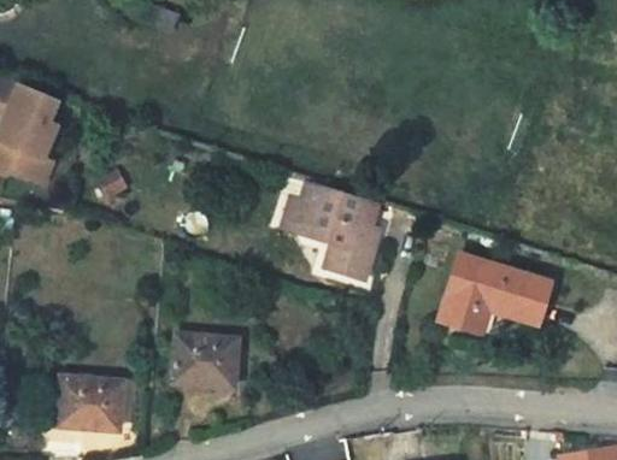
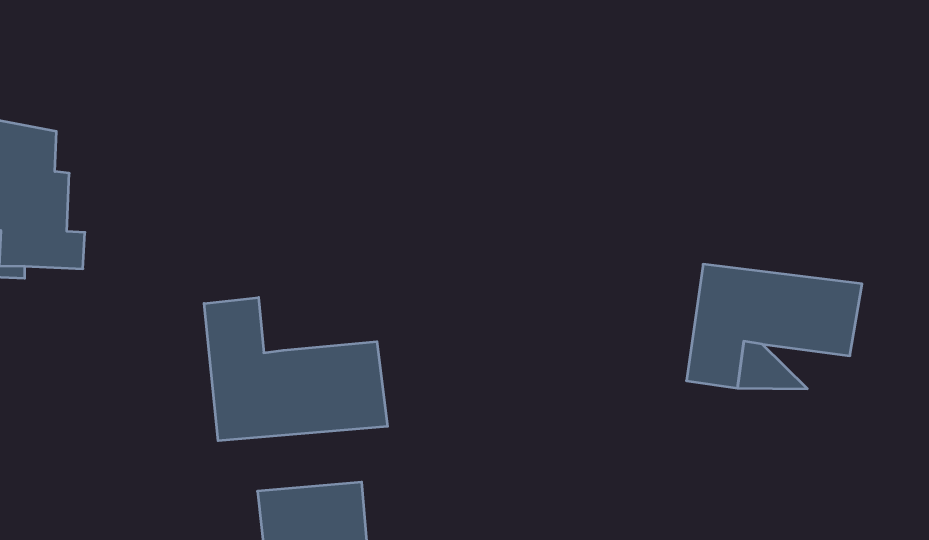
building: [287,179,375,276] -> none
building: none -> [204,297,388,441]

